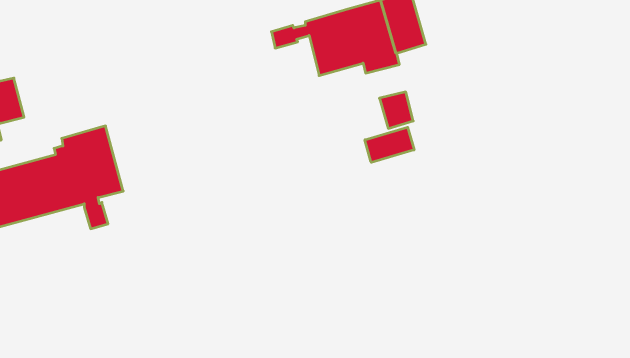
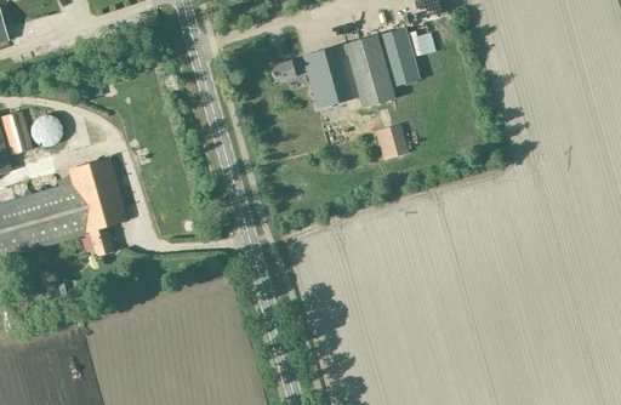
building: none -> [30,116,59,147]
building: [365,127,414,162] -> none

